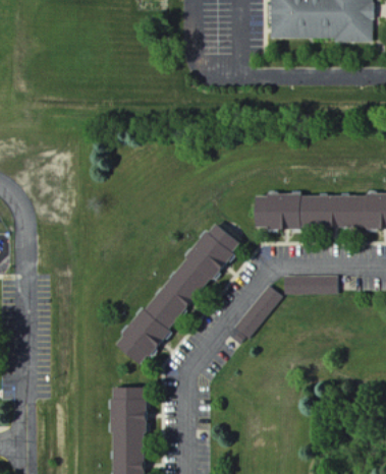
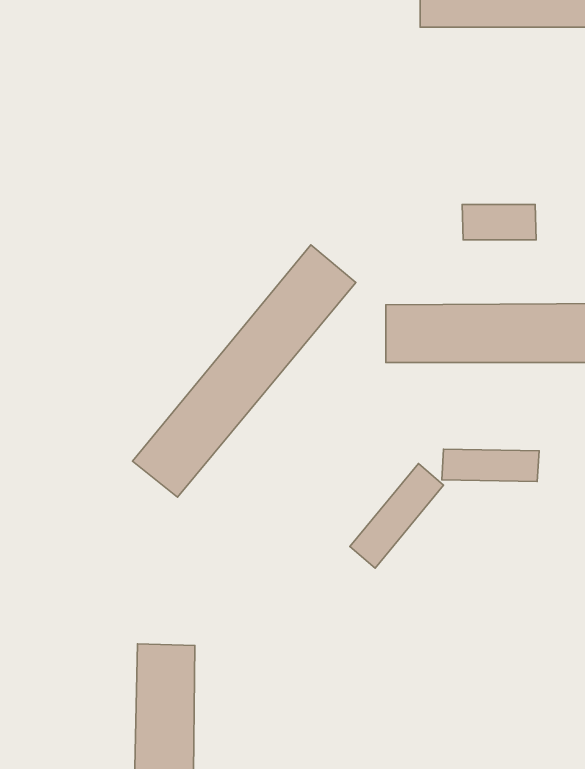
building: none -> [462,204,536,240]
building: [113,222,239,364] -> [132,245,356,497]

